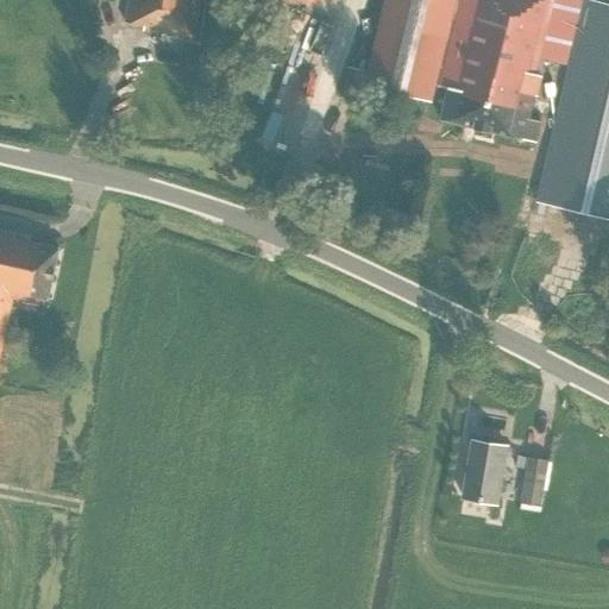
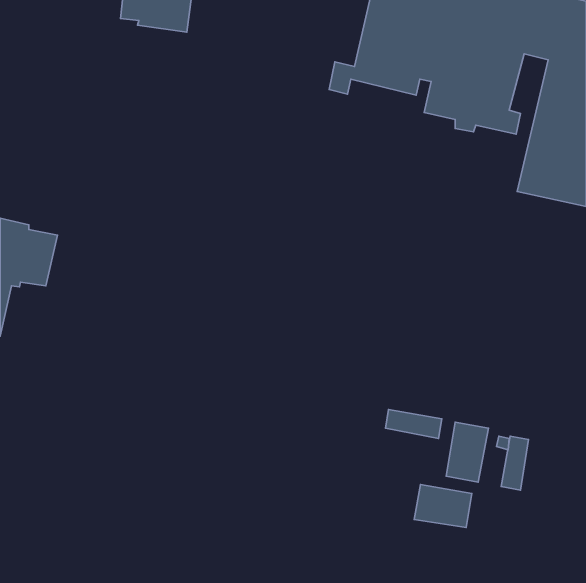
building: none -> [385,410,442,438]
building: none -> [414,484,472,527]

